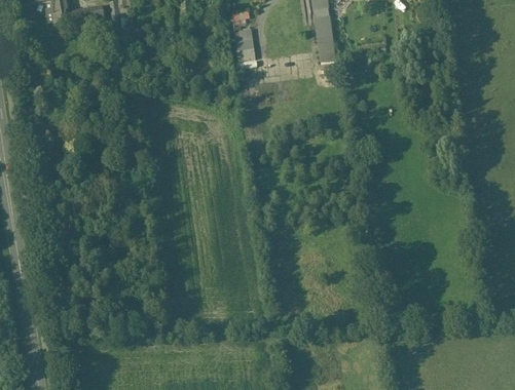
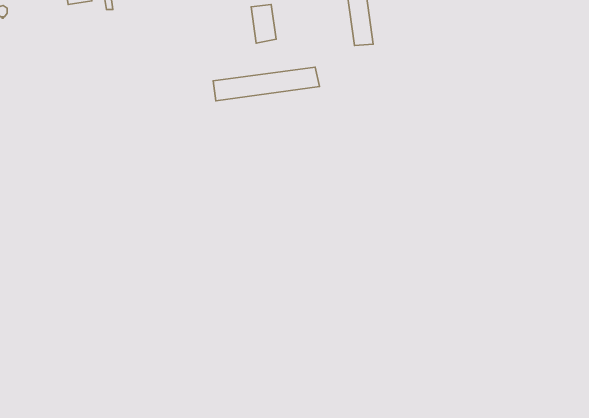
building: none -> [213,67,319,101]

